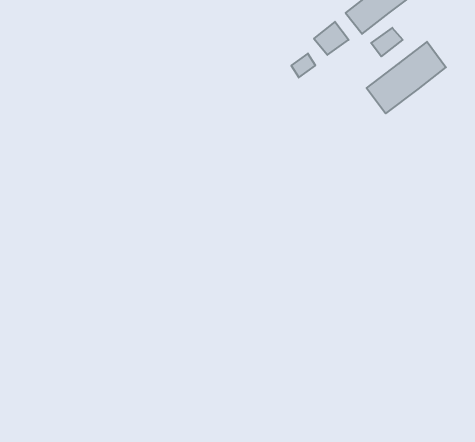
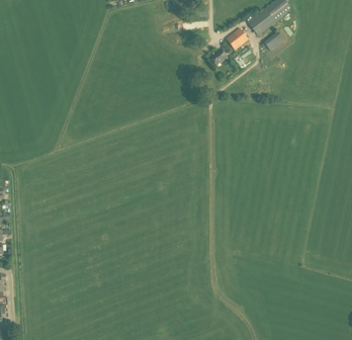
building: [367,42,446,113] -> none

